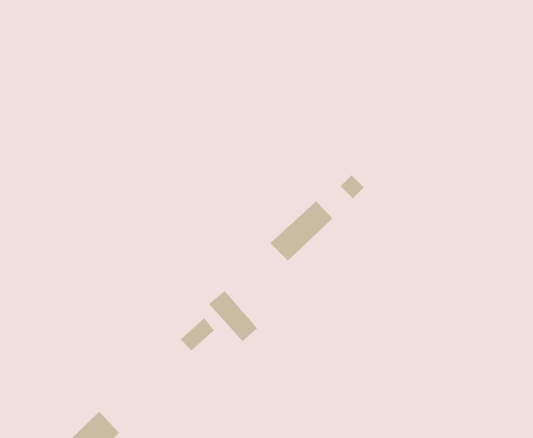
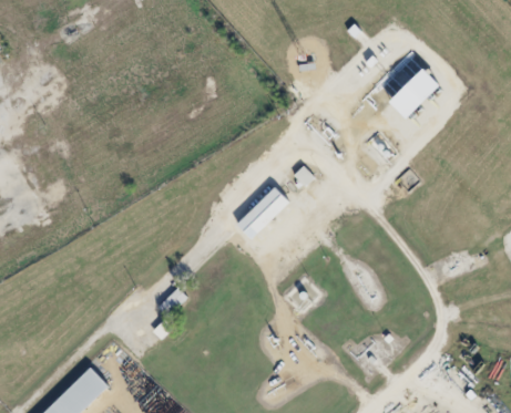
building: none -> [386,66,437,117]
building: [208,290,258,342] -> none

